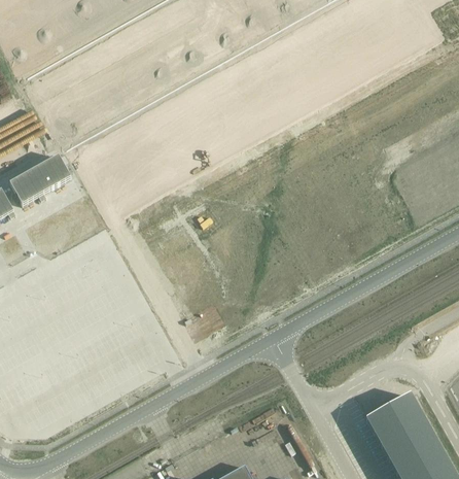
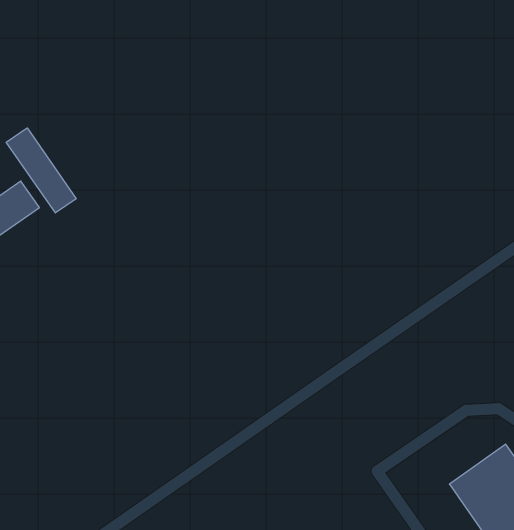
building: none -> [6,128,76,213]

